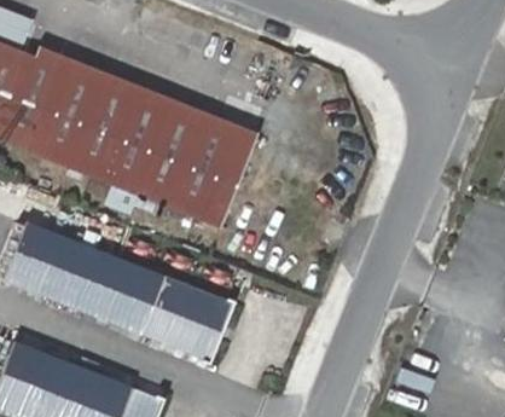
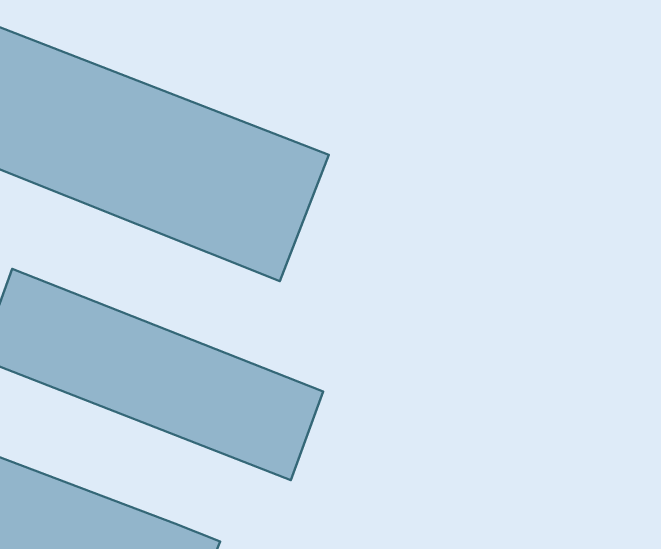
building: [34,50,252,228] -> none

